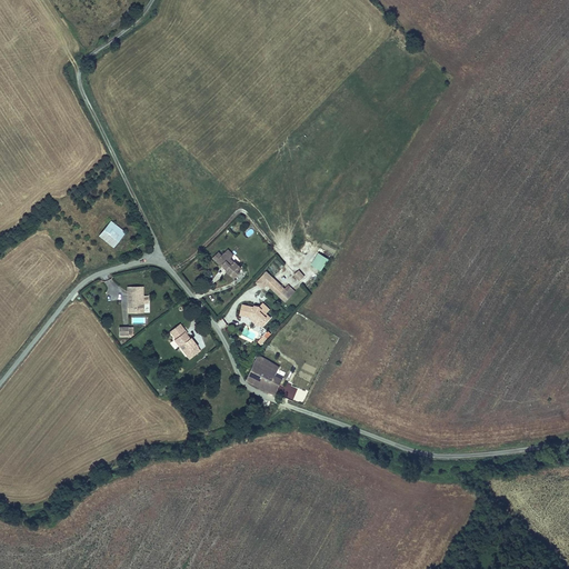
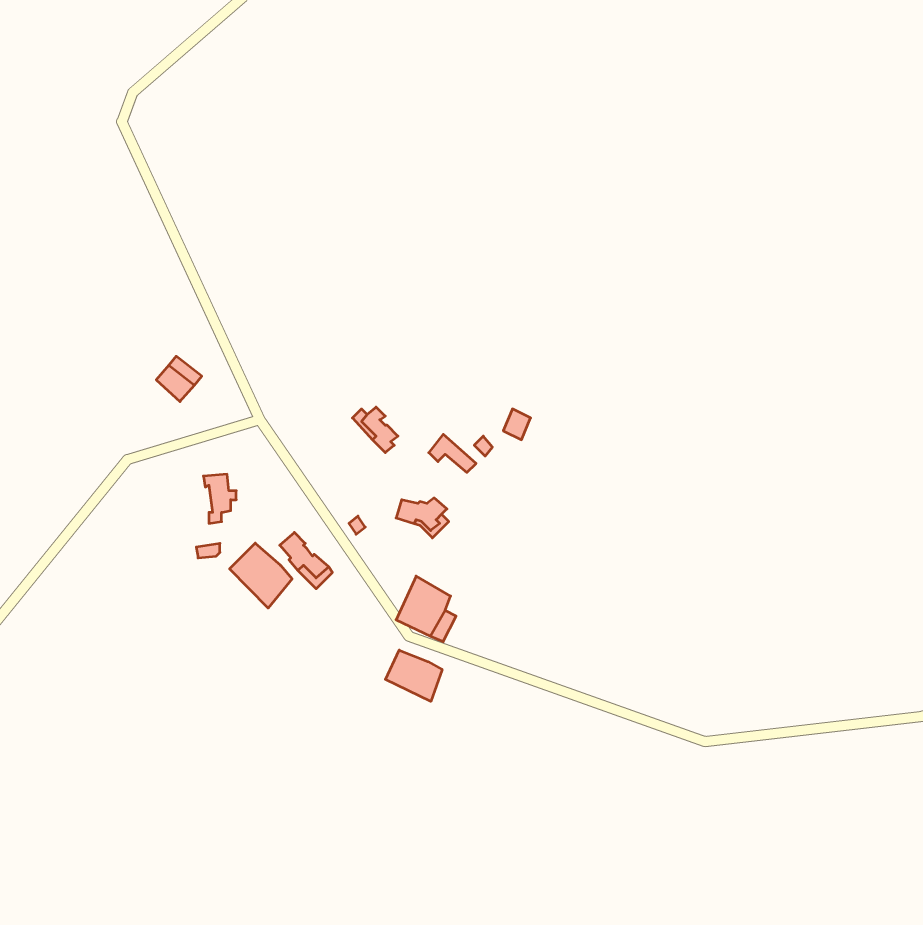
building: none -> [230,543,292,608]
building: none -> [385,650,442,701]

